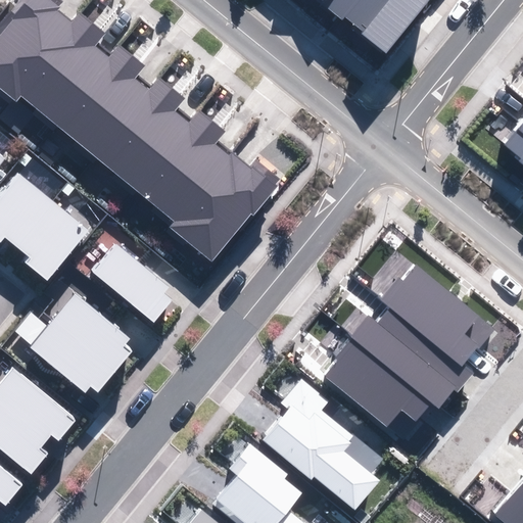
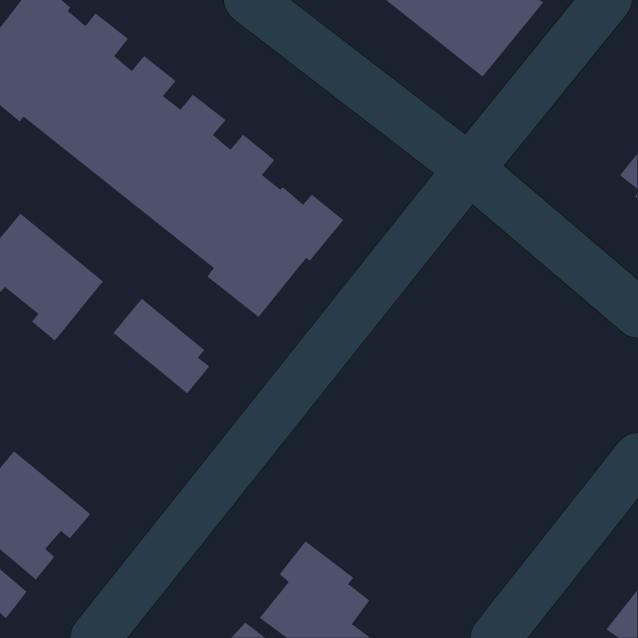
building: [326,262,493,427] -> none
building: [13,292,129,392] -> none
building: [262,376,382,509] -> none

